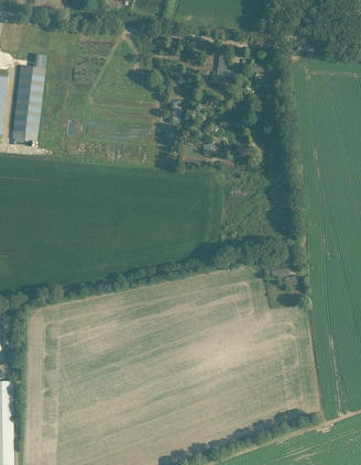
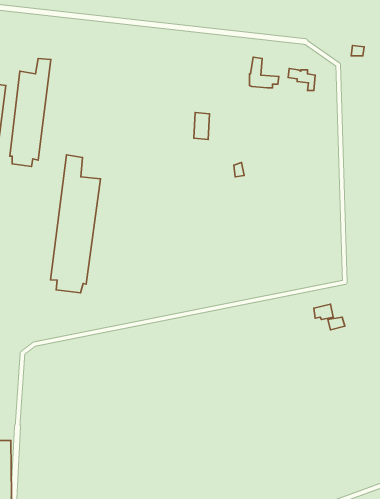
building: none -> [50,155,101,293]

